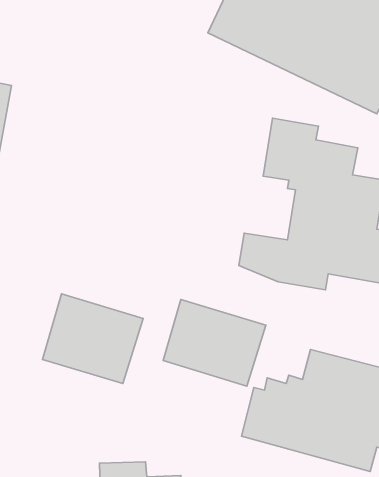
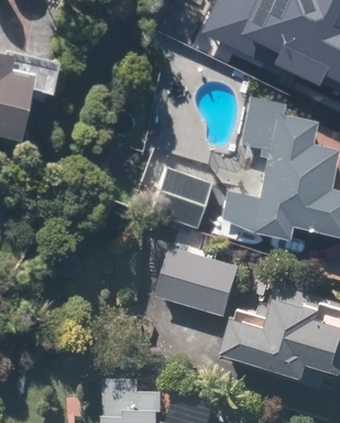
building: none -> [152,170,211,229]
building: [42,294,143,383] -> none

